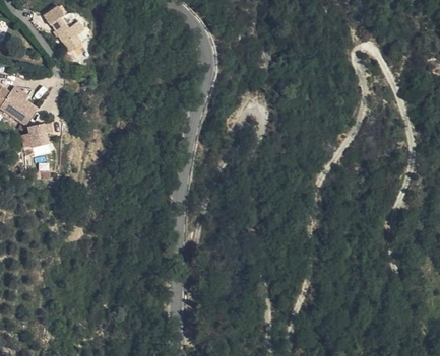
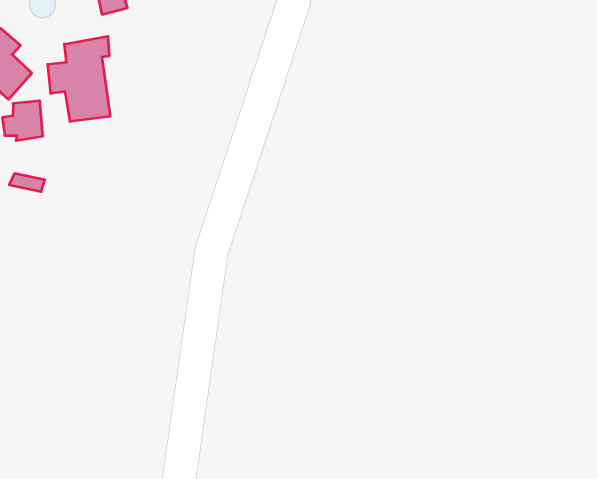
building: none -> [48,36,110,122]

